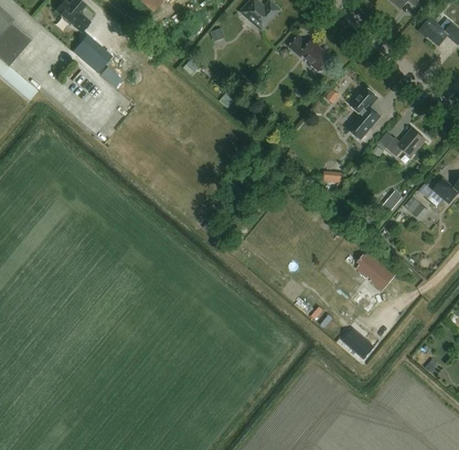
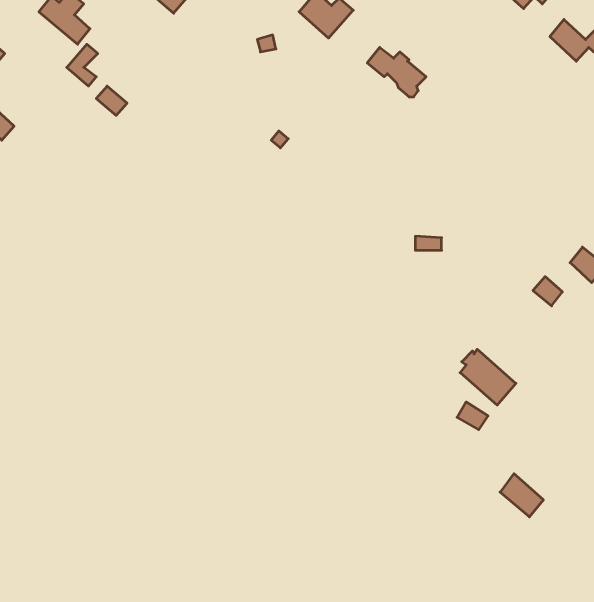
building: [350,86,382,139] -> none
building: [386,128,425,156] -> none
building: [343,328,374,358] -> [500,474,543,517]

